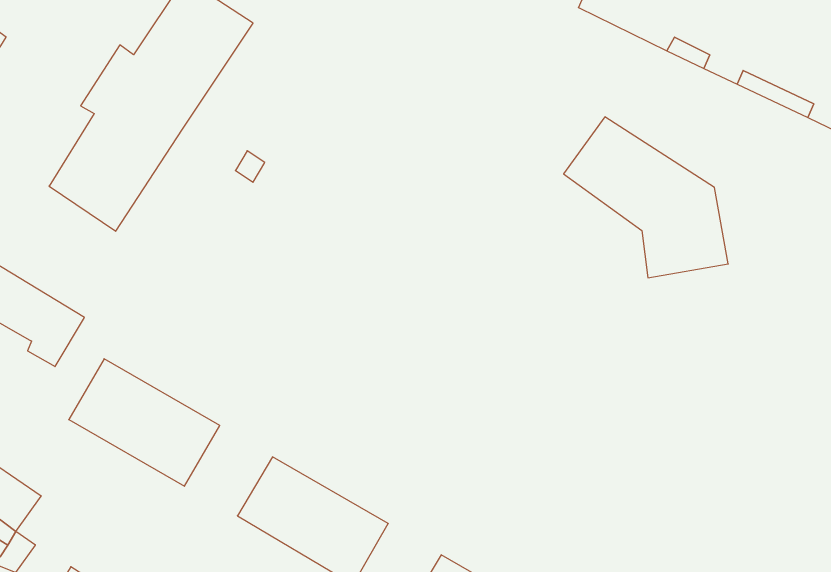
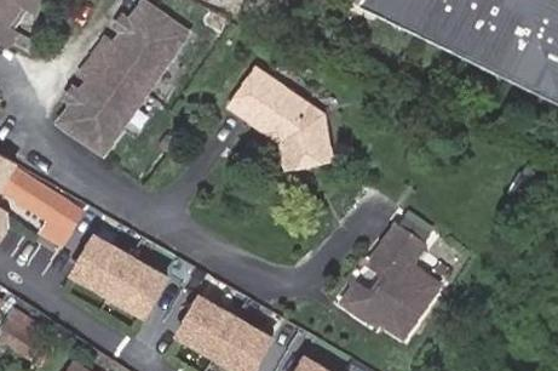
building: [564,117,728,278] -> [234,68,335,167]
building: none -> [341,221,444,342]

